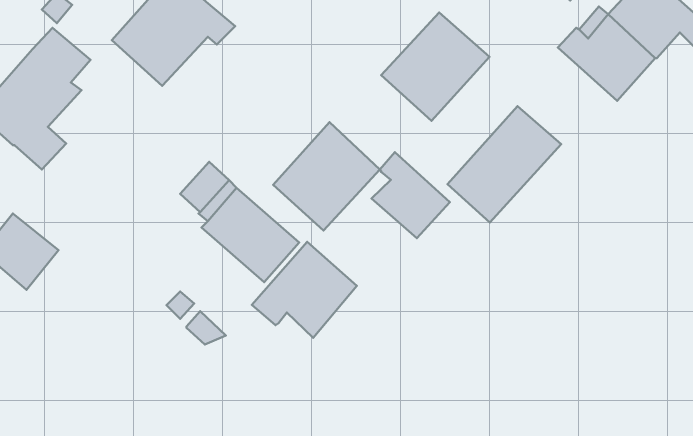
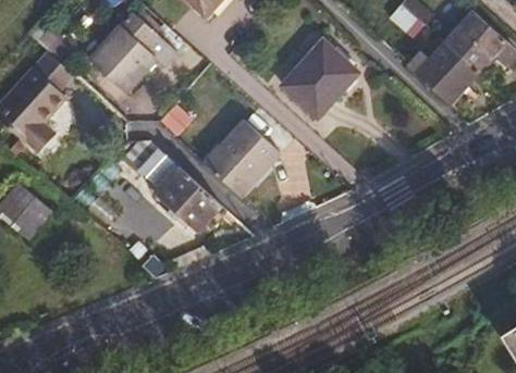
building: [448,106,561,222] -> none
building: [372,152,450,238] -> none
building: [252,242,357,338] -> none

